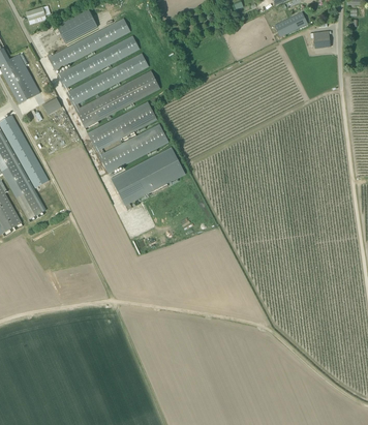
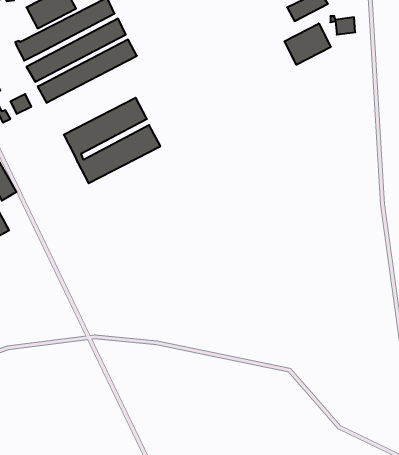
building: none -> [284,23,331,65]
building: [72,70,159,127] -> none
building: [111,148,184,210] -> none

